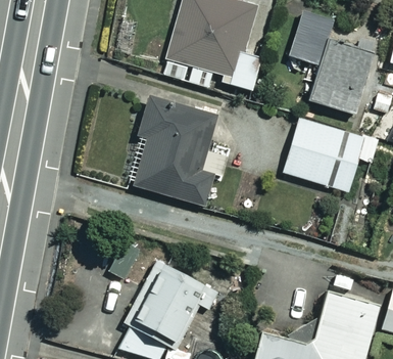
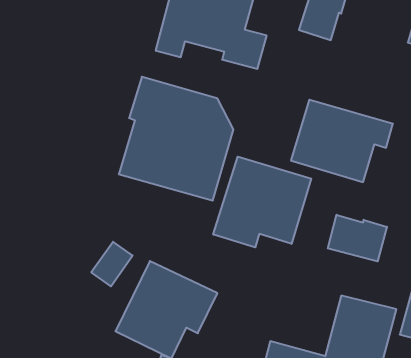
building: [310,40,371,113] -> none
building: none -> [213,157,311,247]
building: none -> [328,215,387,261]

